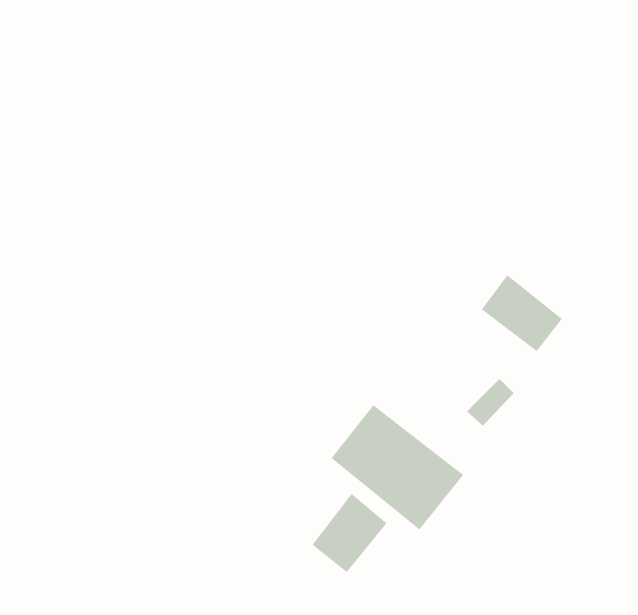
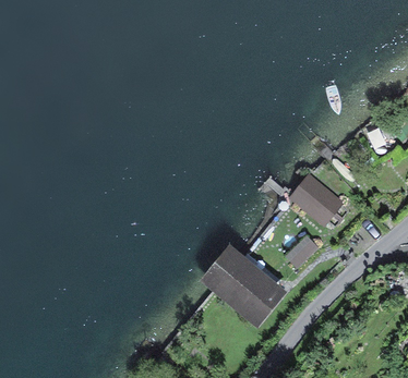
building: [311,493,388,573] -> none

